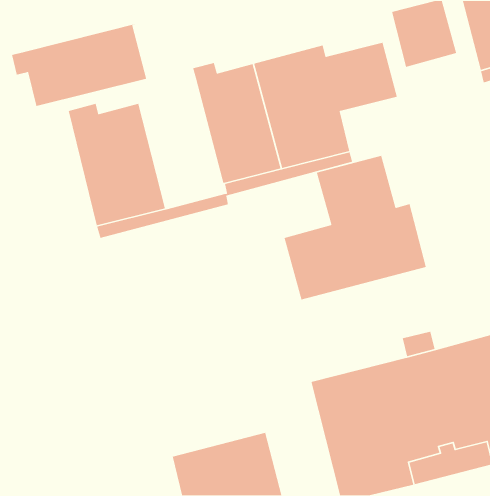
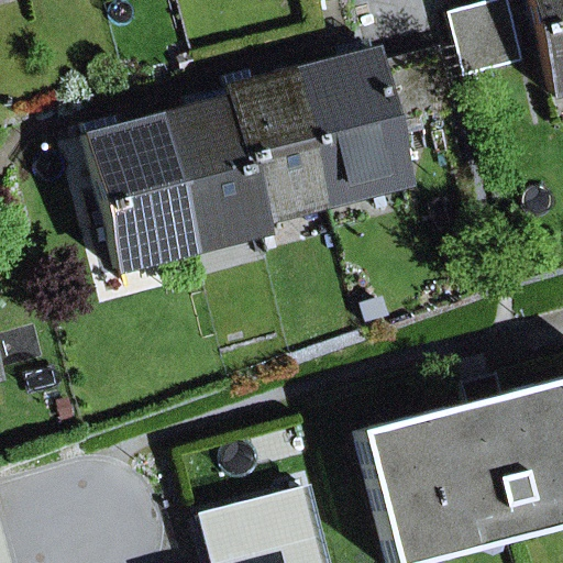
building: [11,22,147,107] -> none
building: none -> [164,89,262,236]
building: [283,155,427,300] -> none

